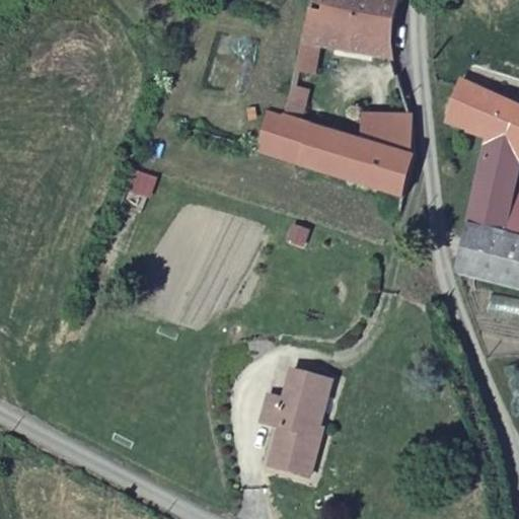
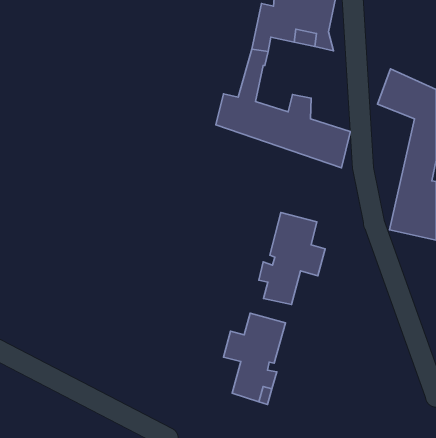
building: [366,116,413,155] -> none
building: none -> [259,212,325,305]

